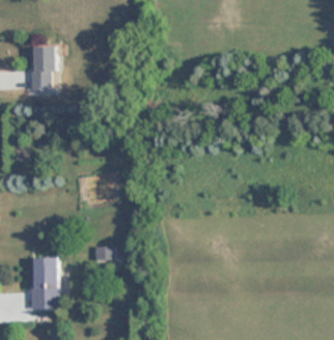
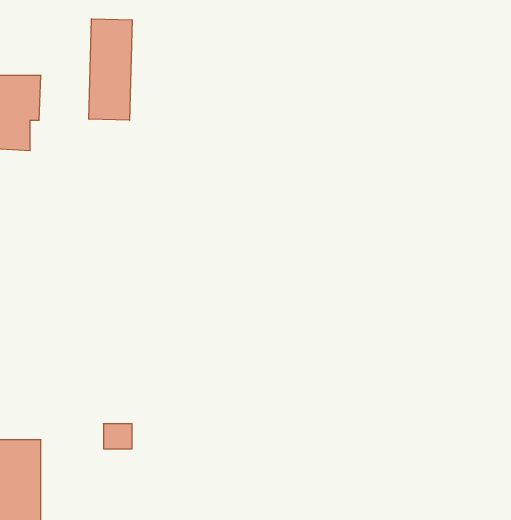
building: none -> [89,19,132,120]

